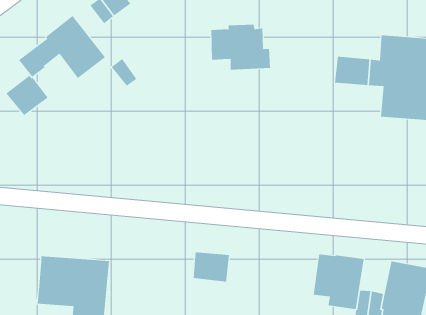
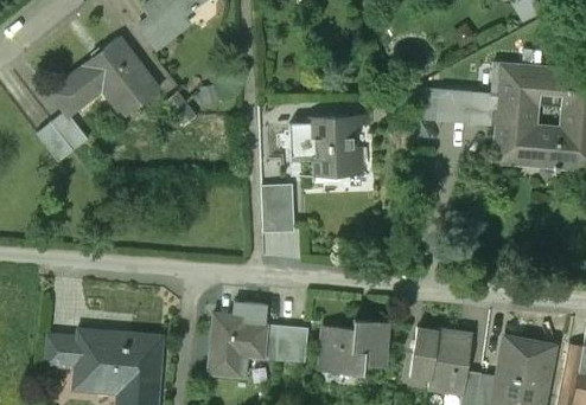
building: [210,24,271,70] -> [291,117,364,173]
building: none -> [262,188,294,227]
building: none -> [209,302,268,375]
building: none -> [321,319,388,373]
building: none -> [46,334,79,366]

